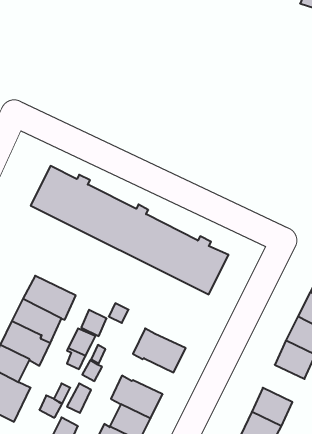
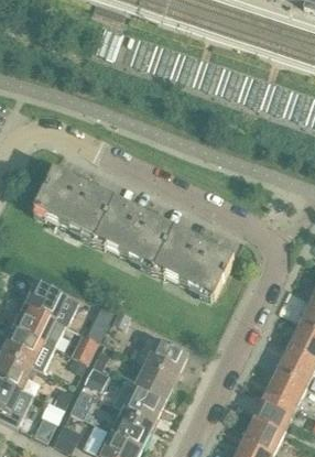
building: none -> [135,362,176,399]
building: none -> [265,369,307,406]

